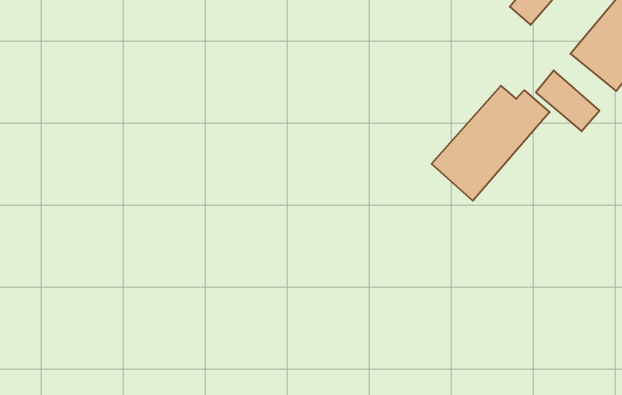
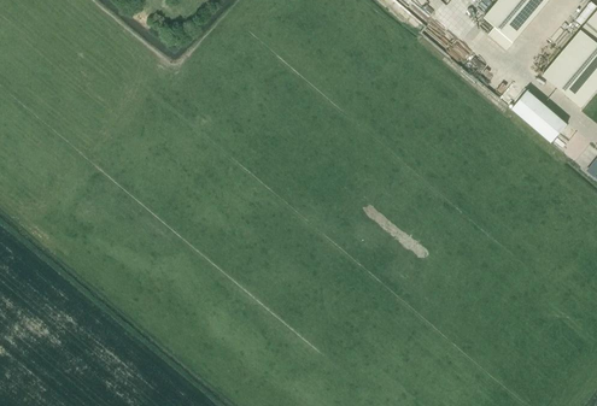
building: [432,86,550,201] -> none

